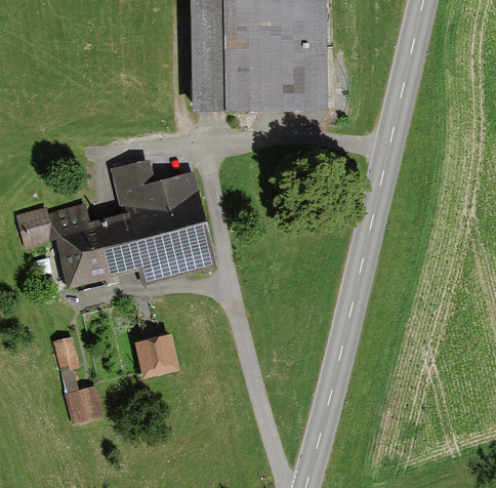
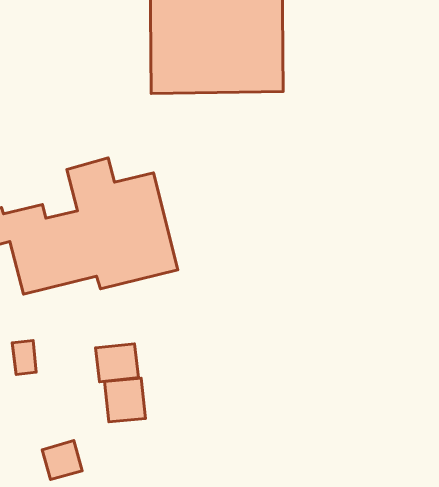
building: none -> [105,378,145,422]
building: [67,387,106,424] -> [42,440,82,479]

